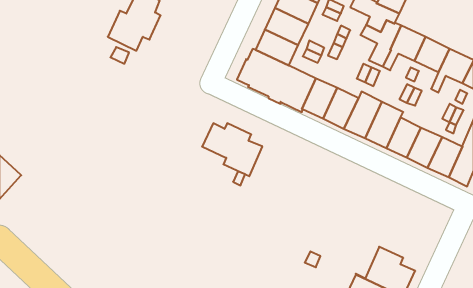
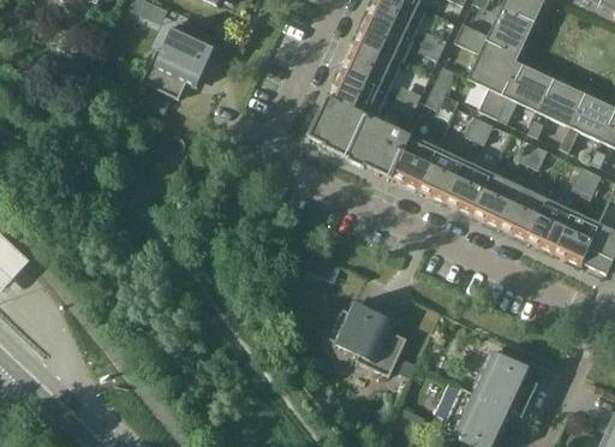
building: [202,123,262,176] -> [328,308,406,376]

